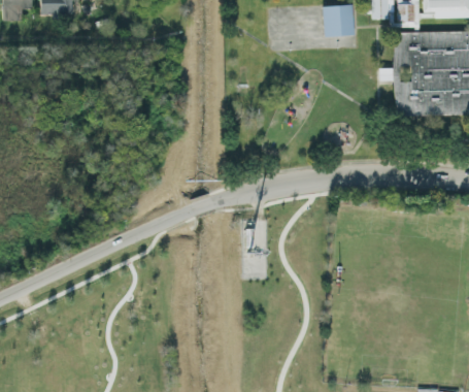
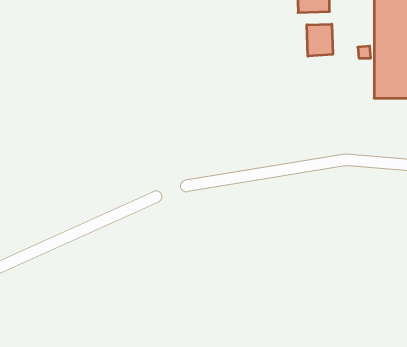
building: none -> [307,24,333,56]

